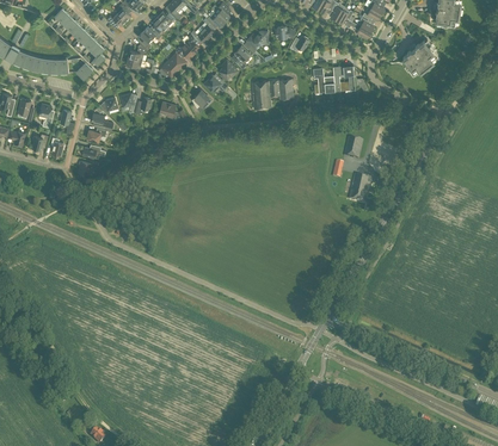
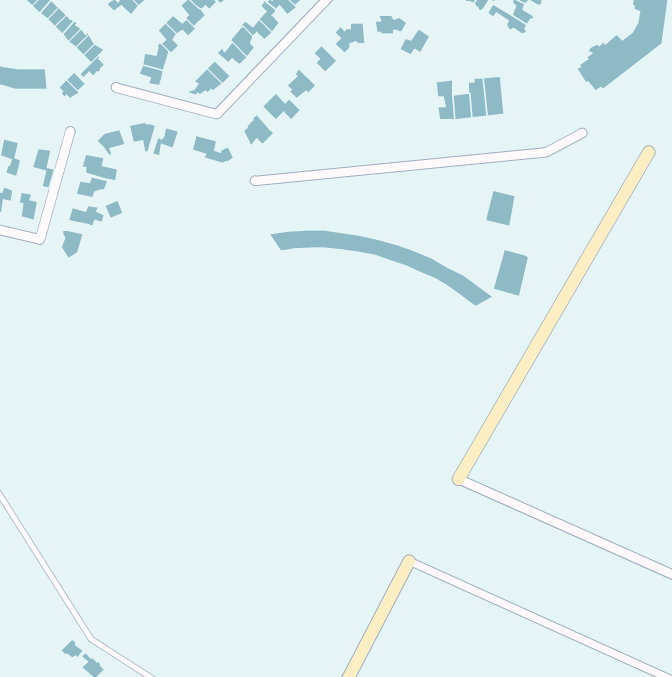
building: [251,79,293,109] -> none
building: none -> [269,230,494,307]

